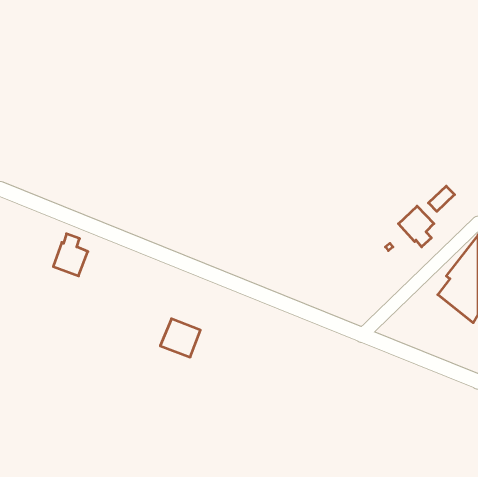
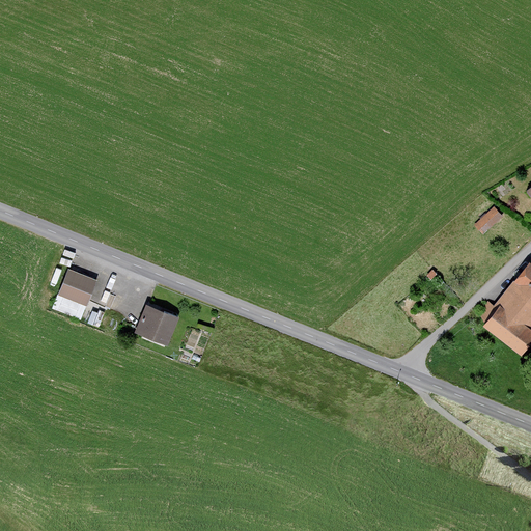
building: [398,206,434,247] -> none
building: [160,319,200,357] -> [135,303,179,345]

